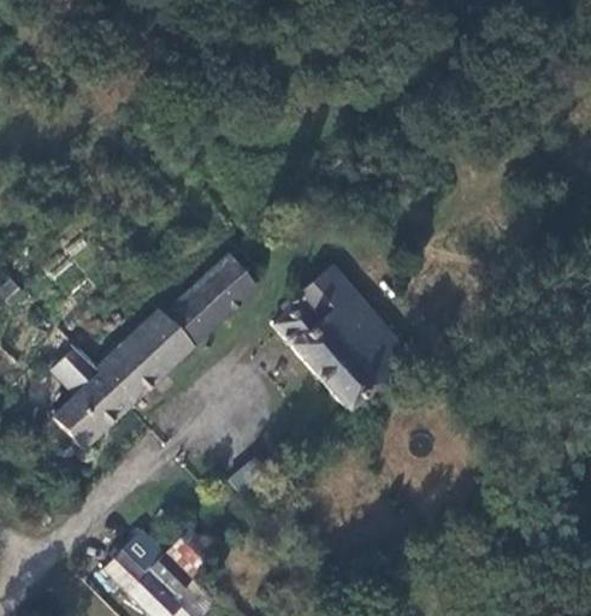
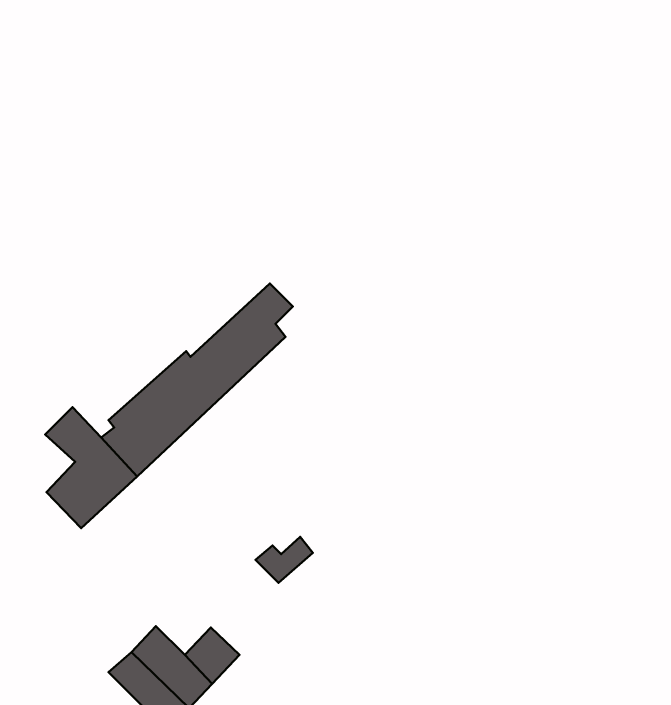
building: [270,265,416,408] -> none

